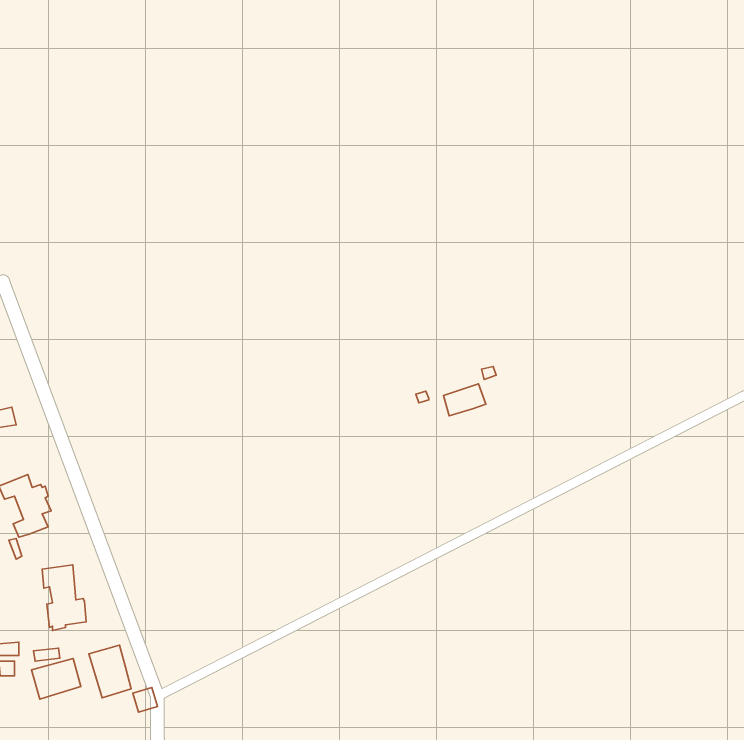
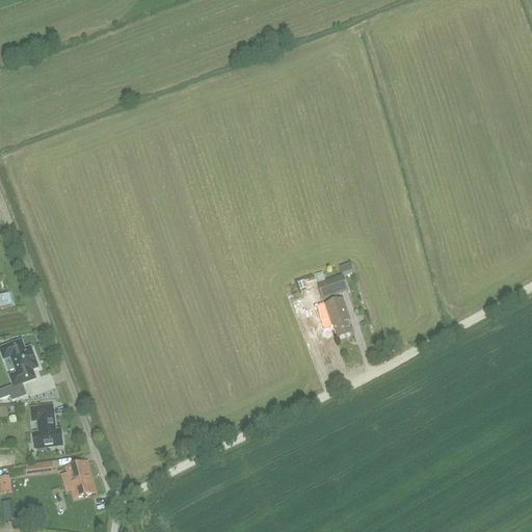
building: none -> [315,296,350,336]
building: [31,658,81,699] -> none

